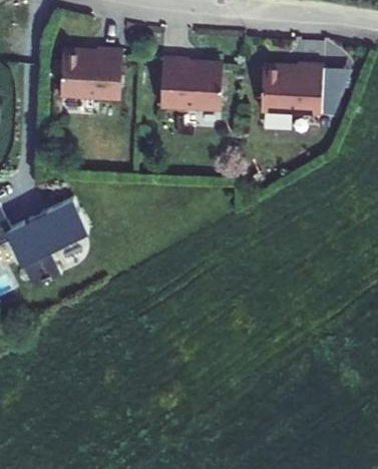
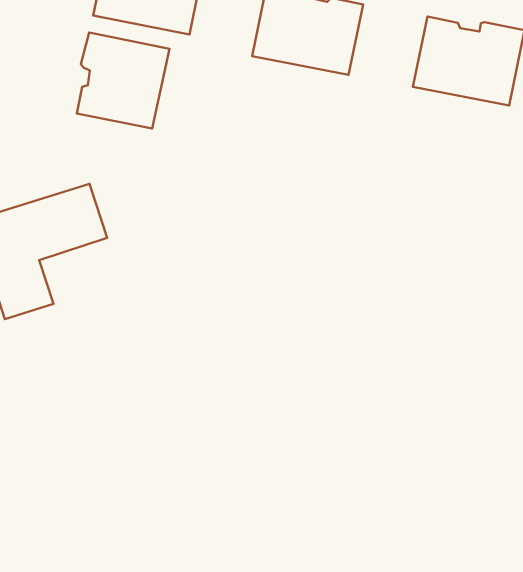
building: none -> [77,32,169,129]

